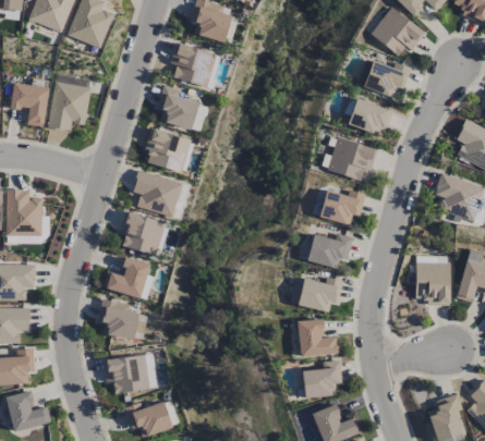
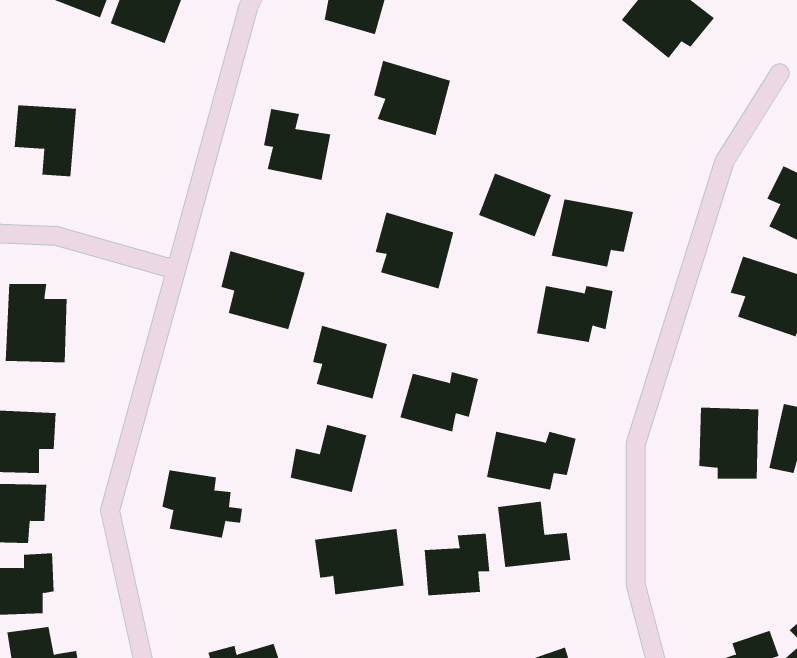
building: [171,42,217,87] -> [373,60,451,136]
building: [357,58,411,98] -> none
building: [48,82,92,132] -> none
building: [348,98,391,136] -> [478,173,552,237]
building: [144,127,191,173] -> [375,212,454,289]
building: [120,211,165,255] -> [312,325,388,399]
building: [306,233,353,269] -> [399,371,479,432]
building: [104,257,149,297] -> [290,424,367,492]
building: [104,354,157,393] -> [314,529,405,595]
building: [303,360,342,397] -> [424,533,490,596]

